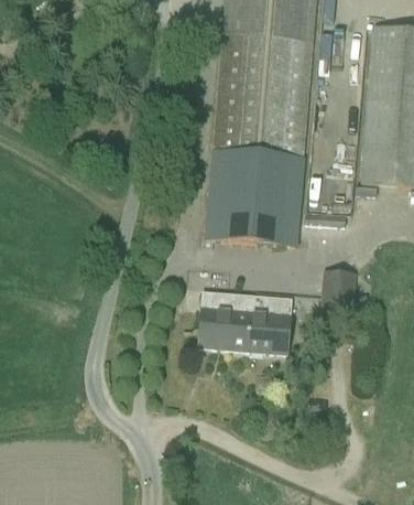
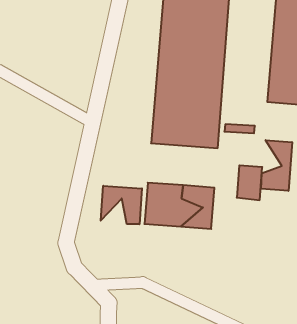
building: none -> [261,140,292,191]
building: none -> [101,186,142,224]

